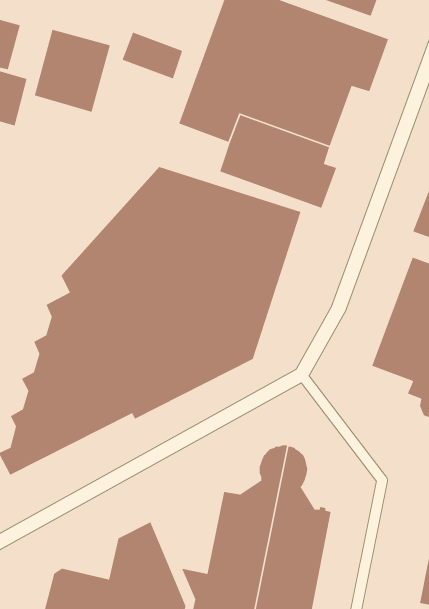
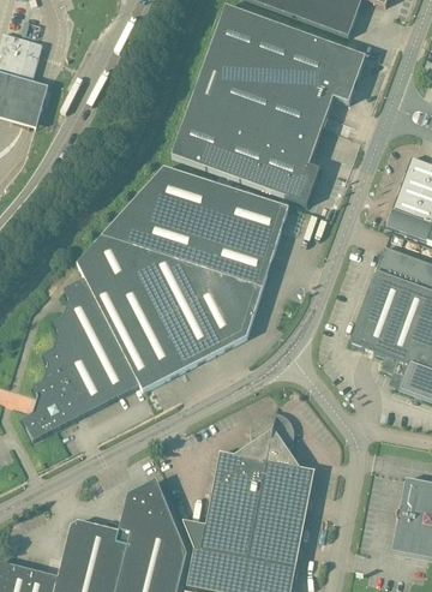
building: [34,29,111,113] -> none
building: [121,31,183,79] -> [170,130,224,172]

